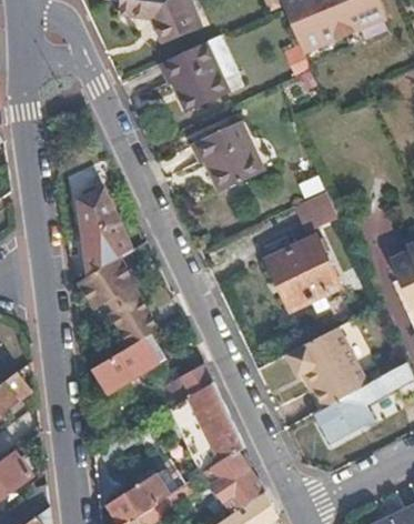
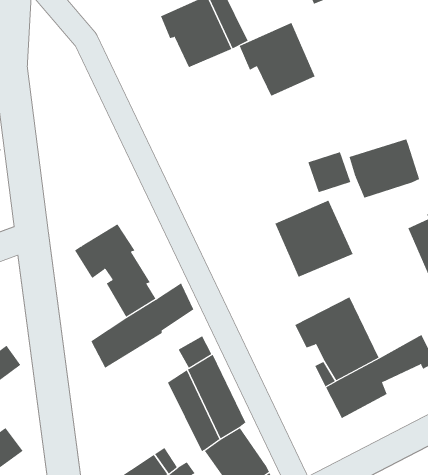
building: [189,119,261,189] -> [239,22,315,96]
building: none -> [349,139,420,199]
building: [74,187,131,280] -> none

